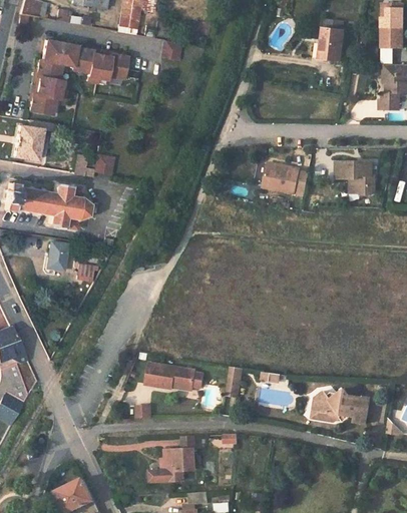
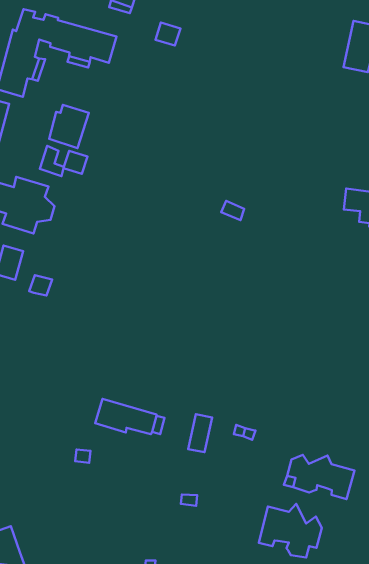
building: none -> [49,105,89,148]
building: [259,162,305,194] -> none
building: none -> [259,504,322,558]
building: [164,449,195,482] -> none

